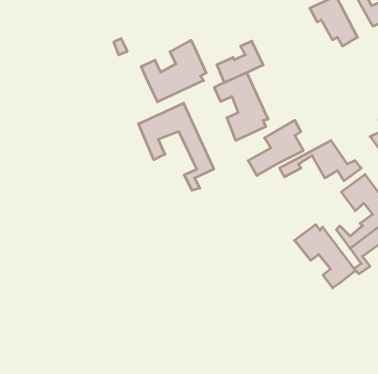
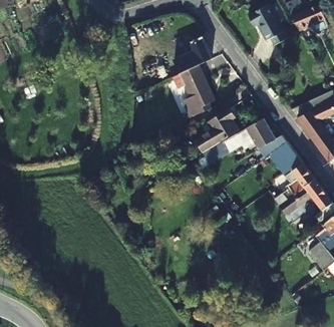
building: [141,40,206,102] -> none
building: [138,103,214,190] -> none
building: [294,225,355,288] -> none

